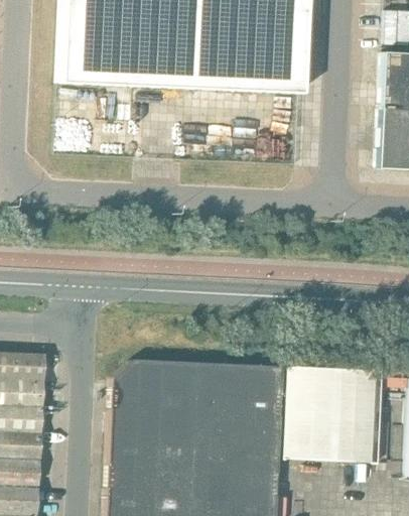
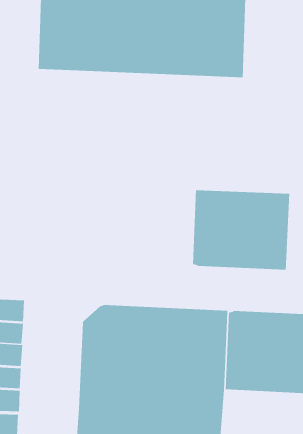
building: none -> [192,190,290,270]

